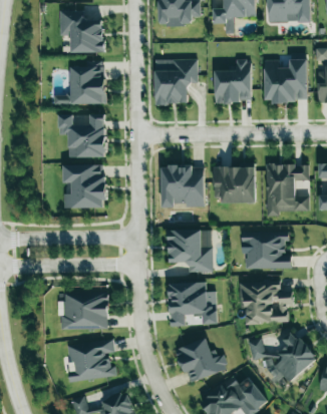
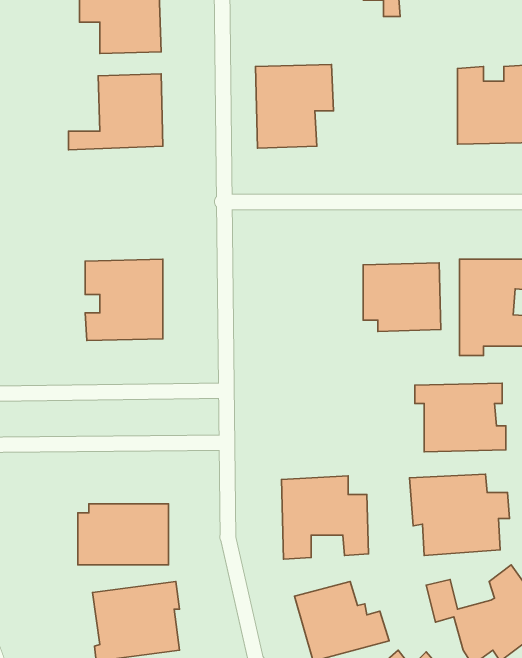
building: [214,60,252,103] -> none
building: [58,113,106,157] -> none
building: [161,165,205,206] -> none
building: [168,230,213,273] -> none

